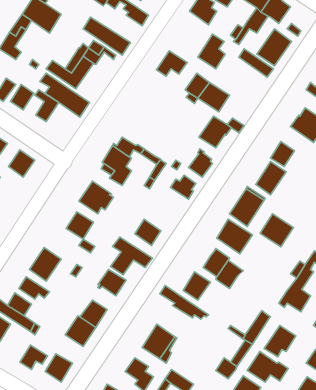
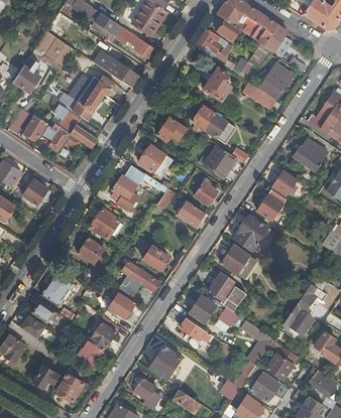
building: [157,51,187,76] -> [156,117,186,141]
building: none -> [138,144,172,175]
building: [260,214,293,247] -> none

